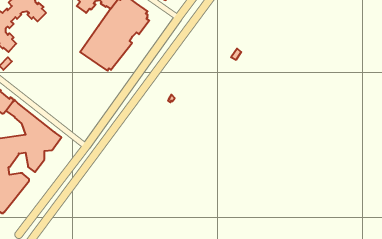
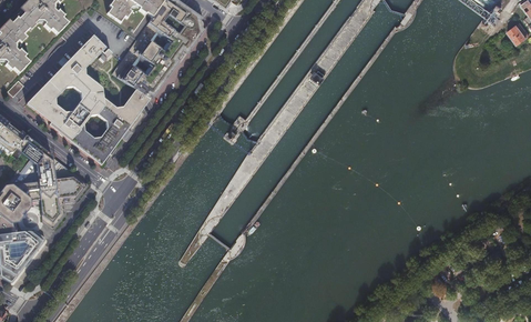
building: none -> [25,33,149,164]

